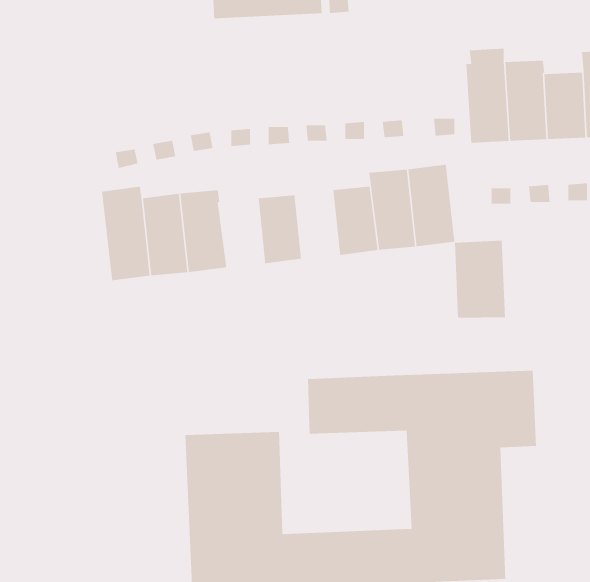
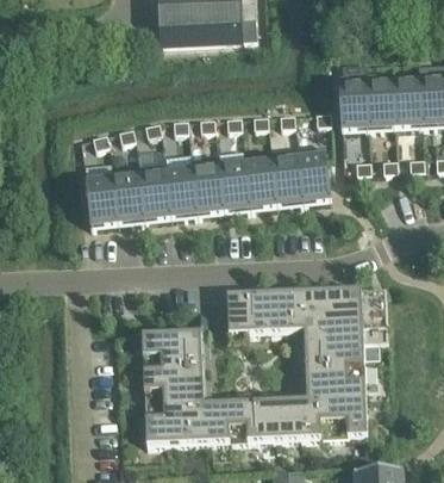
building: none -> [219,148,250,211]
building: none -> [165,168,198,217]
building: [454,240,506,318] -> none

